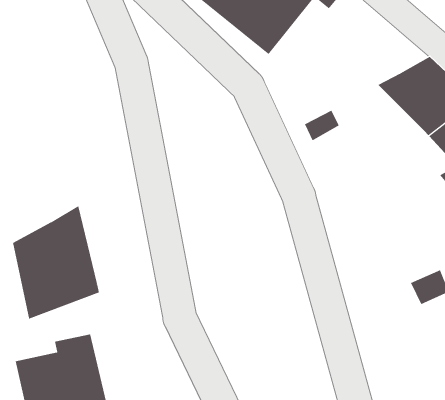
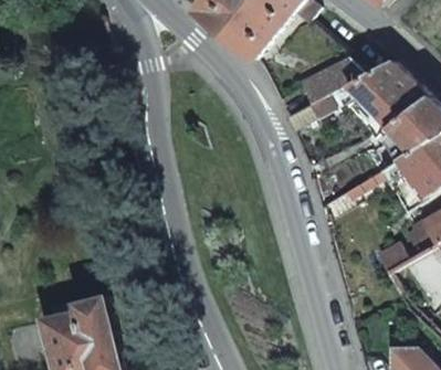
building: none -> [302,57,366,103]
building: [13,205,100,319] -> none

